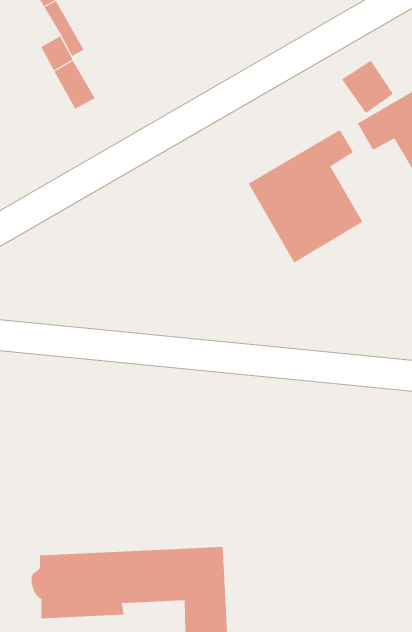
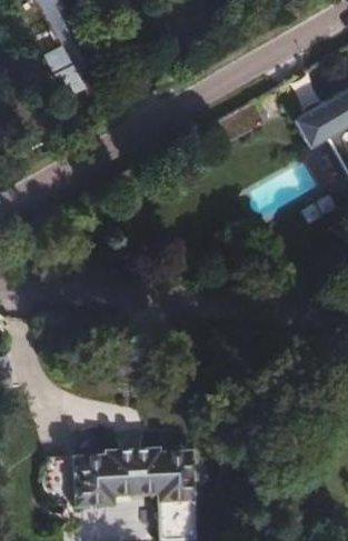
building: [248,129,363,264] -> none

